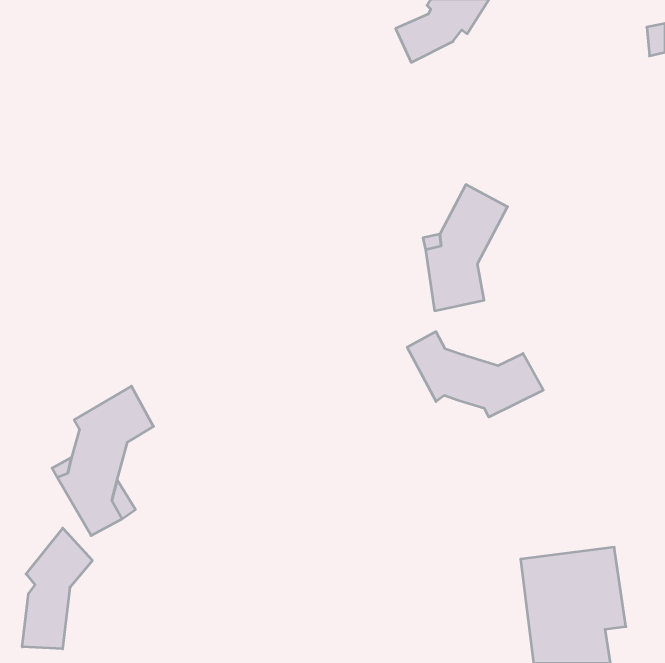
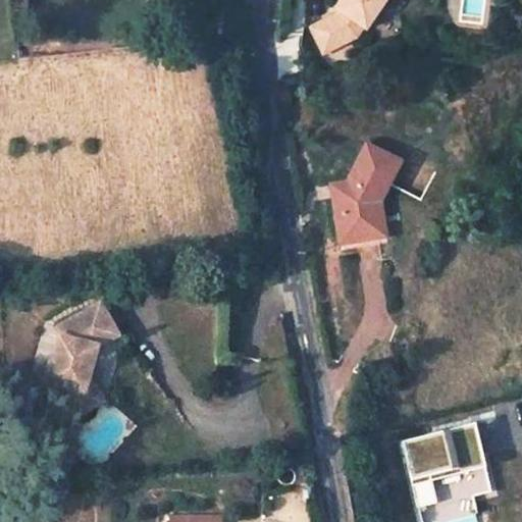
building: [407,332,543,417] -> none
building: [22,528,92,649] -> none

